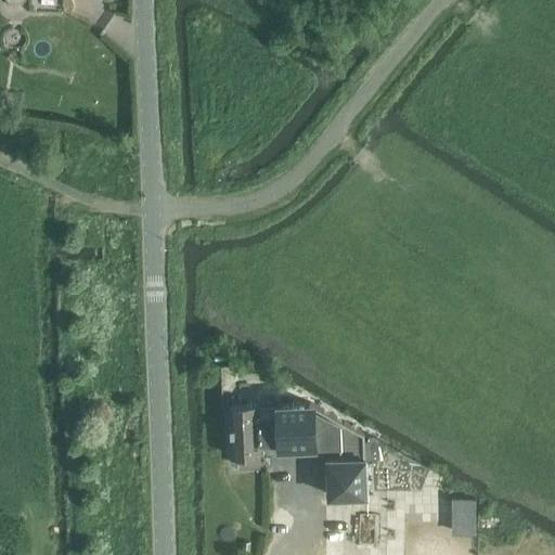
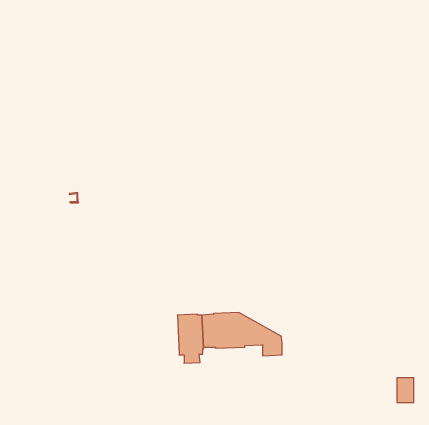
building: [325,464,364,504] -> none
building: [453,504,475,535] -> [397,378,414,402]

